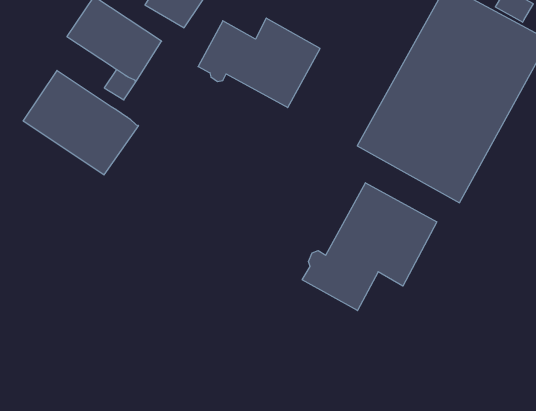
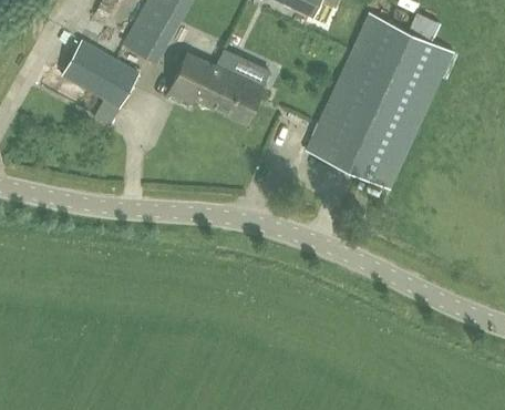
building: [23,70,138,175] -> none
building: [302,183,437,311] -> none

